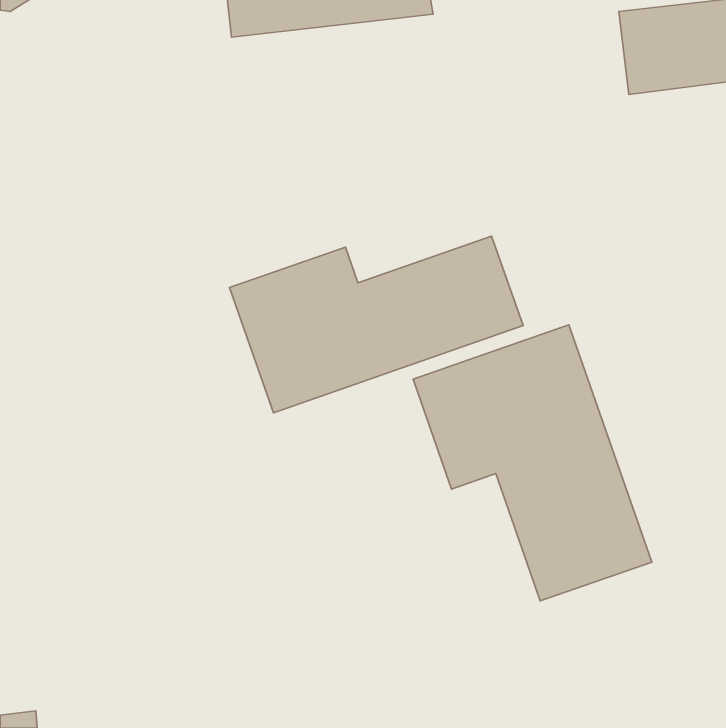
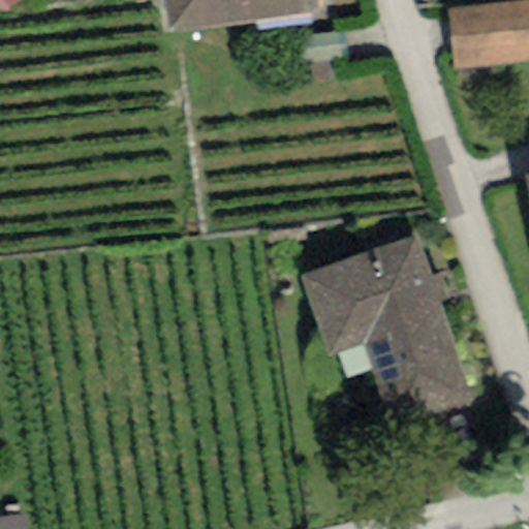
building: [230,236,523,413] -> none

